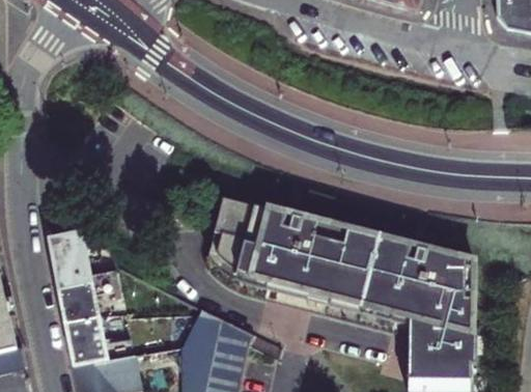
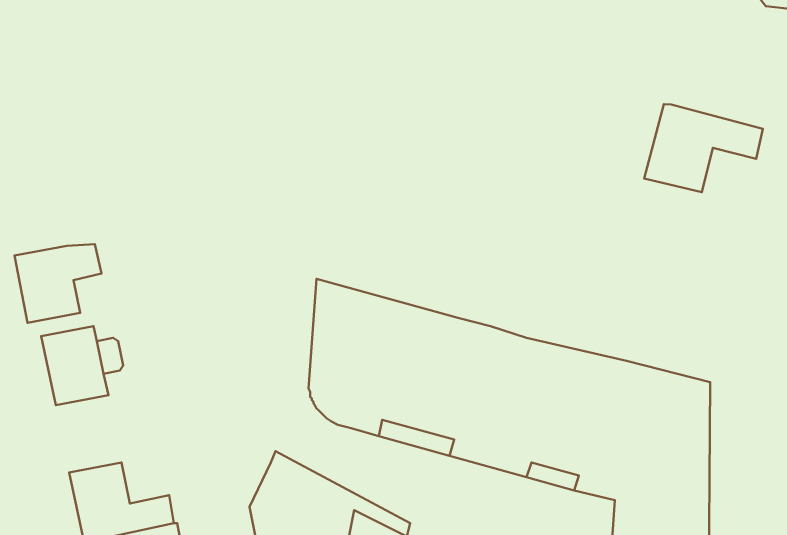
building: none -> [644,104,763,192]
building: [57,268,112,317] -> [14,244,101,323]

